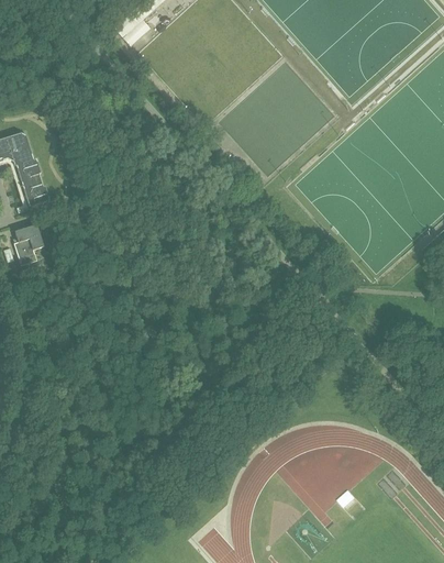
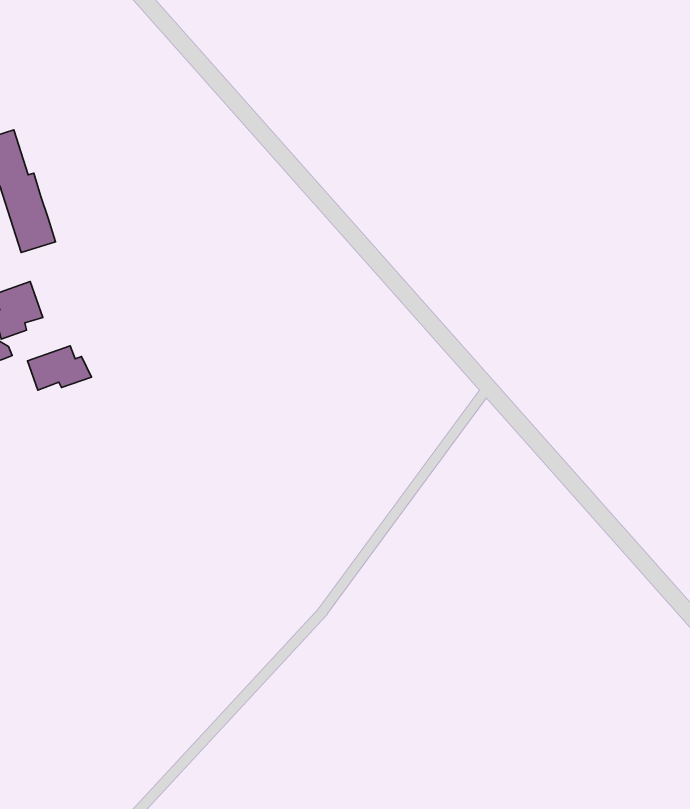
building: none -> [28,346,91,390]

